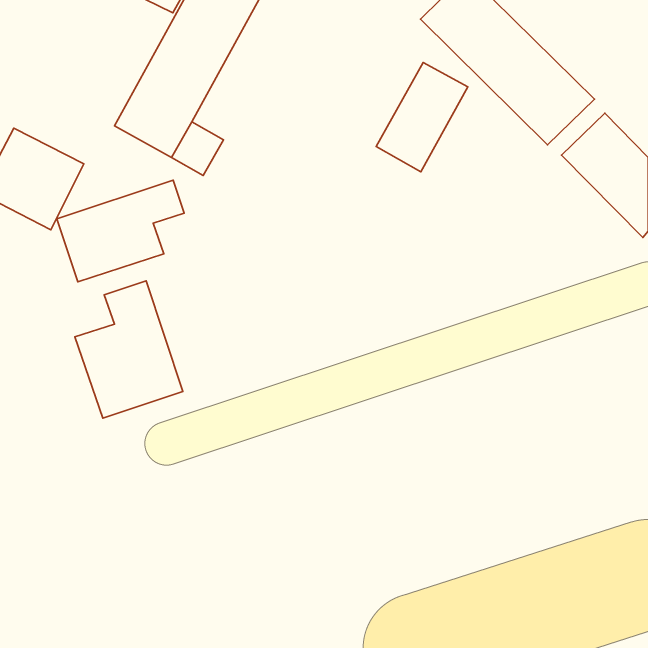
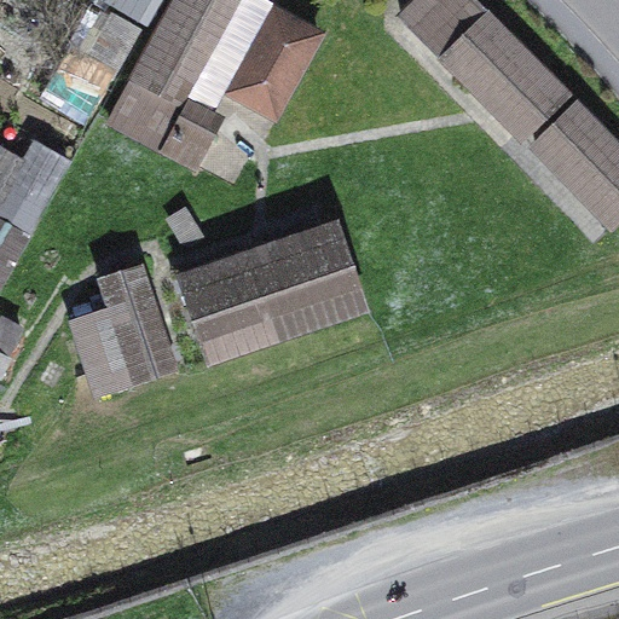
building: [376,63,468,172] -> [231,12,318,116]
building: [57,180,184,282] -> none
building: none -> [181,225,363,361]

